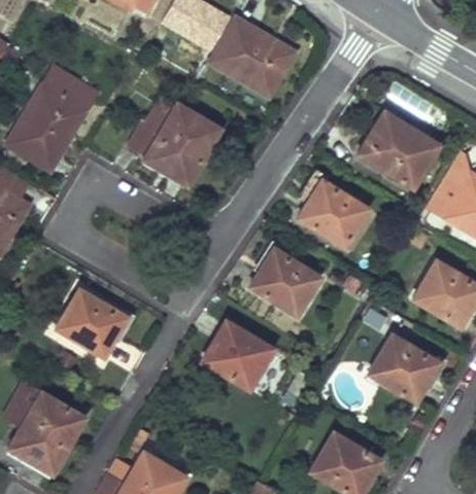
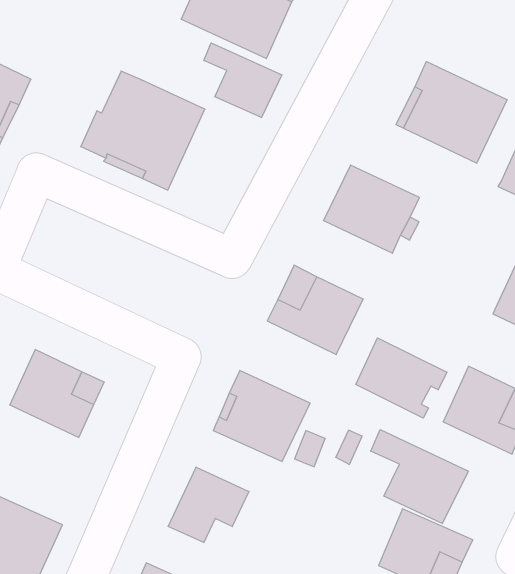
building: none -> [204,43,282,118]
building: none -> [356,338,447,418]
building: none -> [371,430,468,524]
building: none -> [168,467,249,543]

